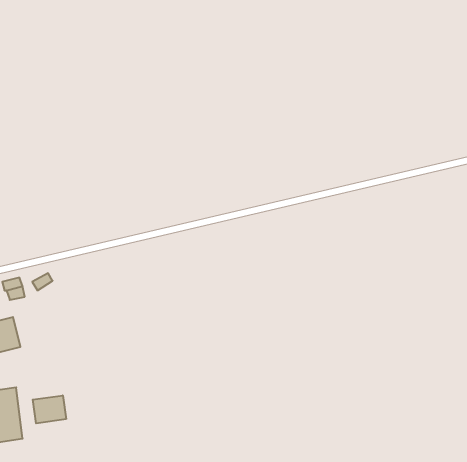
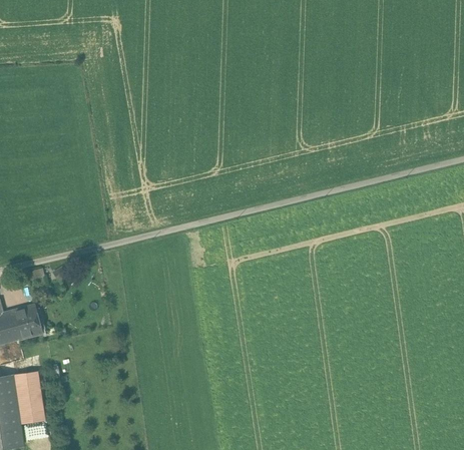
building: [33,395,66,423] -> none

